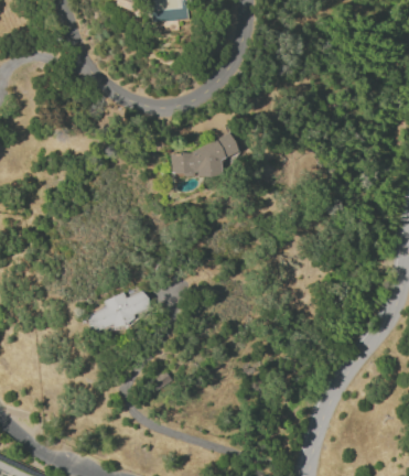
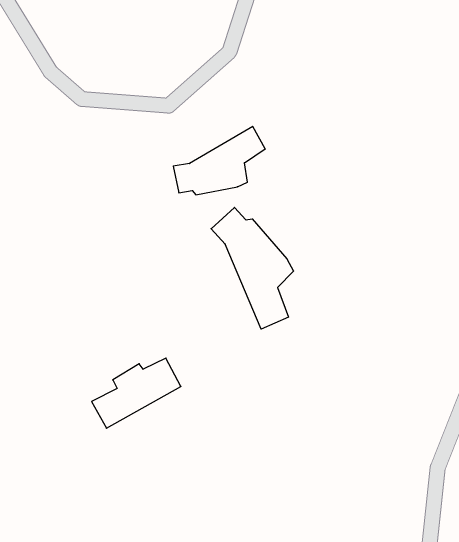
building: none -> [211,207,294,329]

